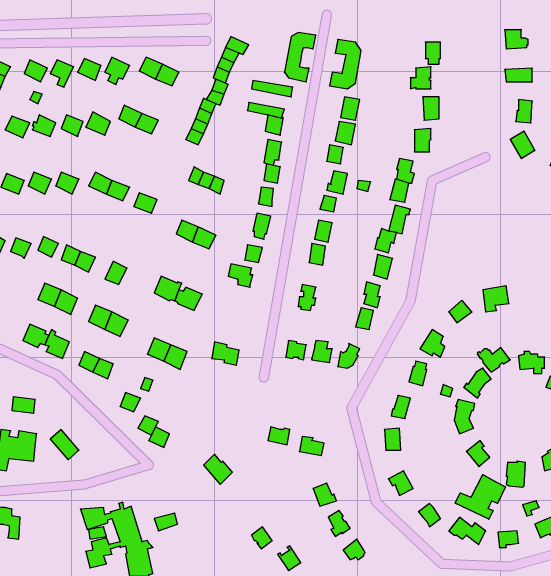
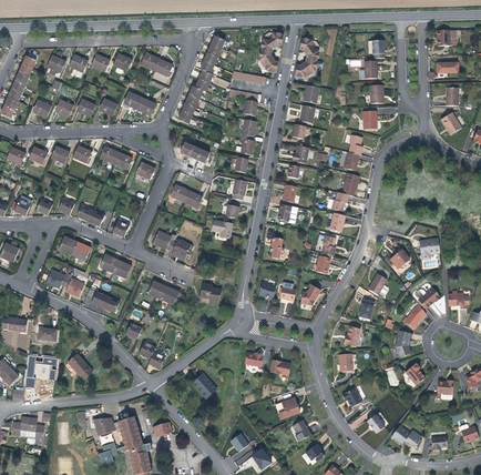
building: [455,475,505,519] -> none

